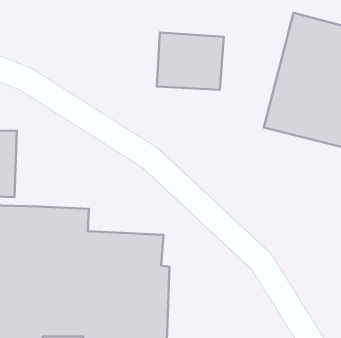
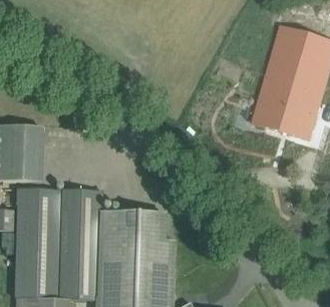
building: [157,33,224,90] -> none

